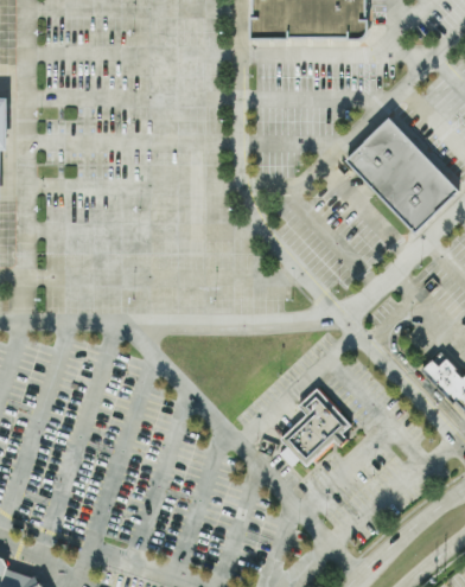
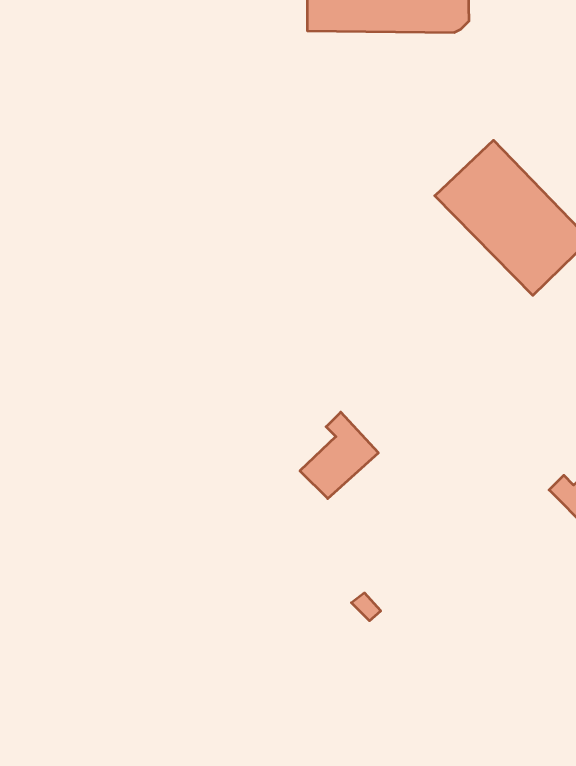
building: [287,393,344,455] -> [300,412,378,499]

